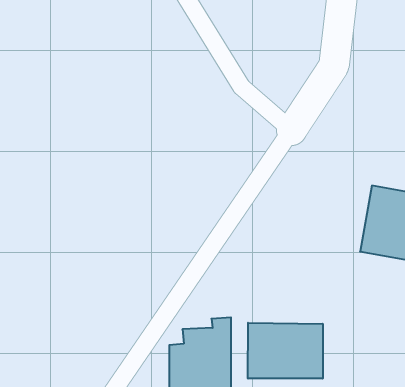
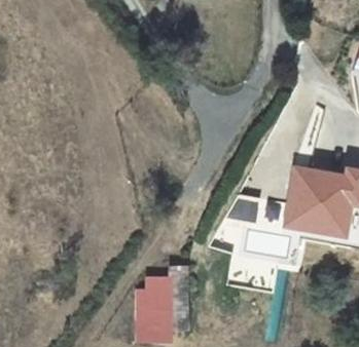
building: [248,323,323,379] -> none

